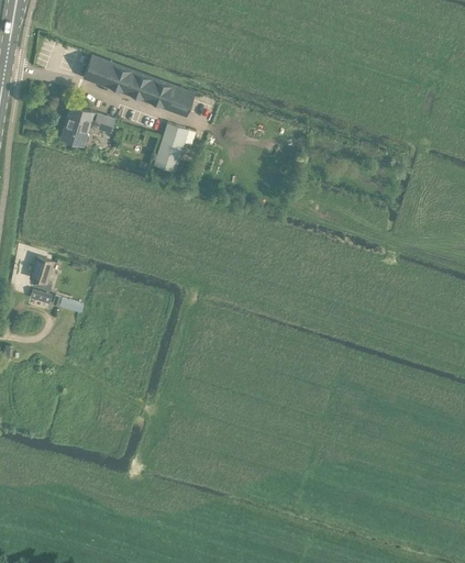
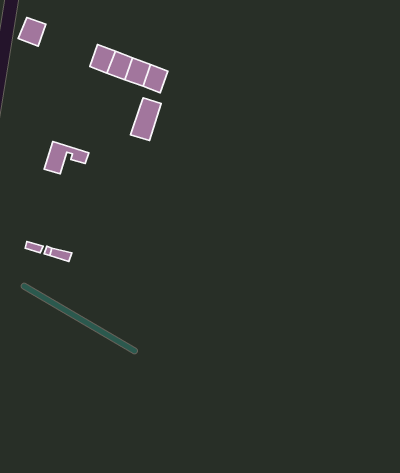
building: [81,54,113,87] -> [18,17,46,46]
building: [62,107,113,144] -> [44,142,89,174]
building: [30,257,52,291] -> none

